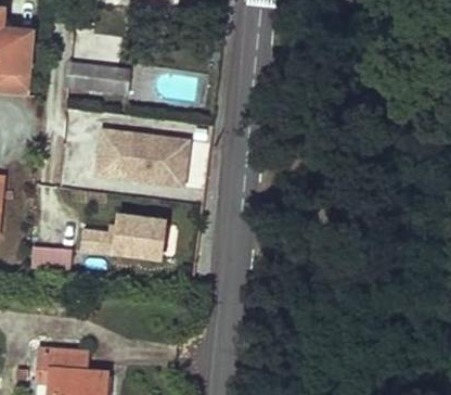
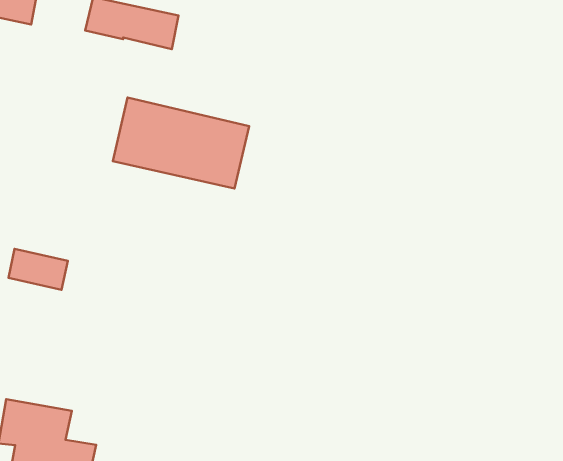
building: [81,214,165,258] -> none

